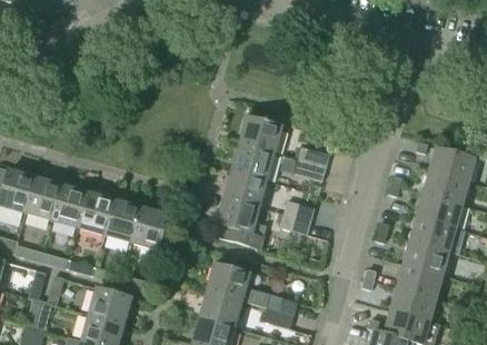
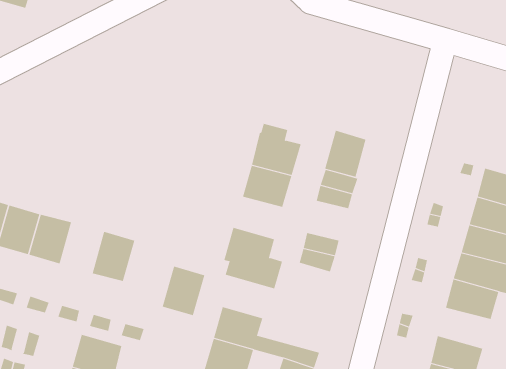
building: none -> [325,130,366,178]
building: [223,170,266,206] -> none
building: [78,191,115,235] -> none
building: [131,207,168,249] -> [162,266,205,316]
building: [396,264,441,298] -> none

